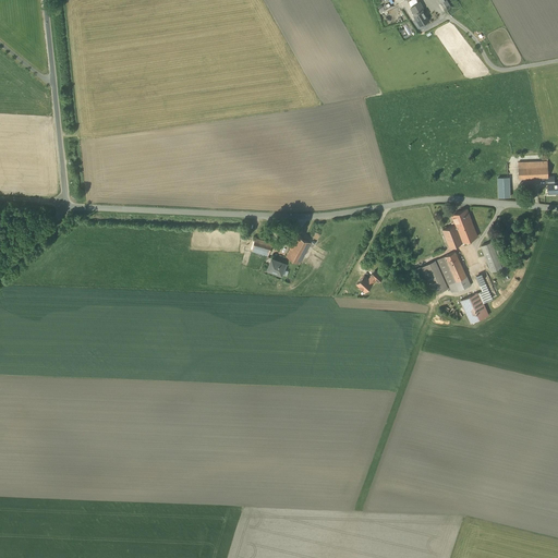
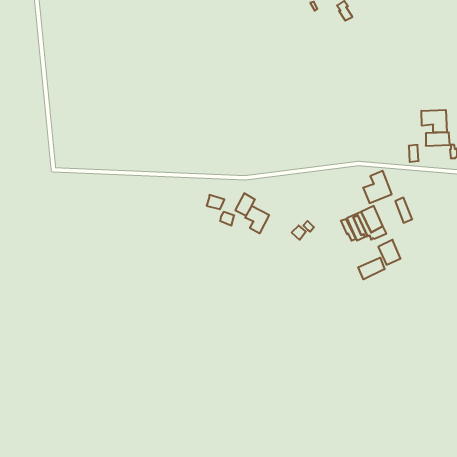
building: none -> [421,110,447,133]
building: none -> [245,206,269,233]
building: none -> [358,258,385,279]

